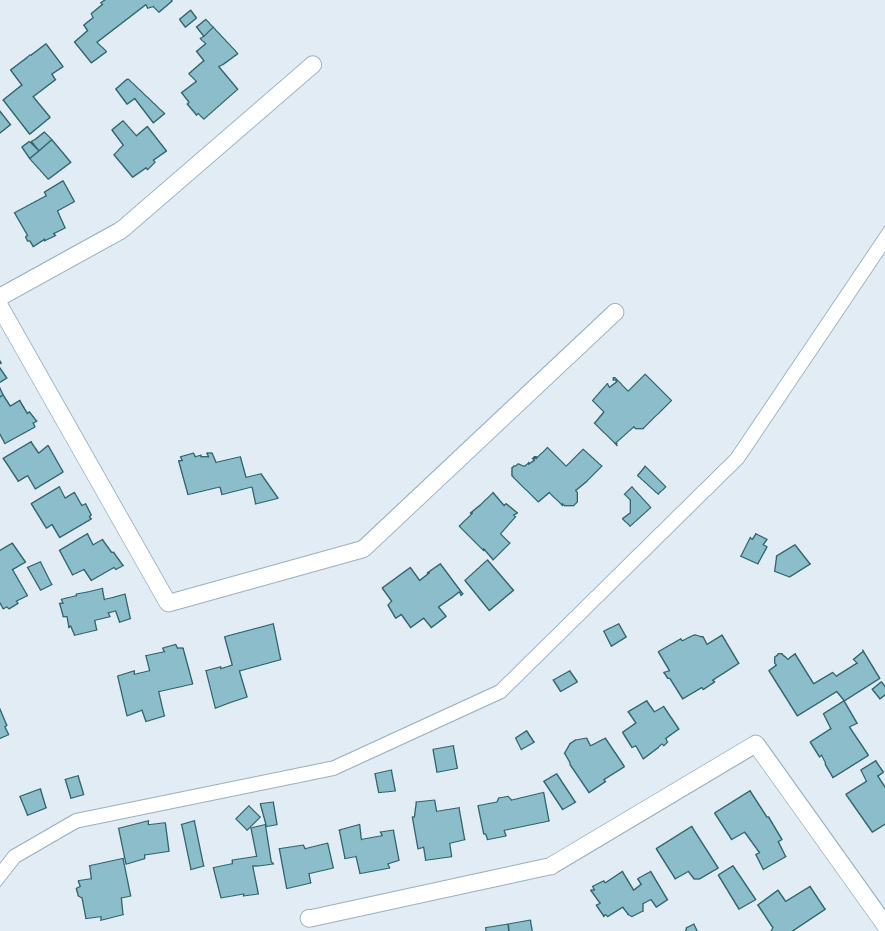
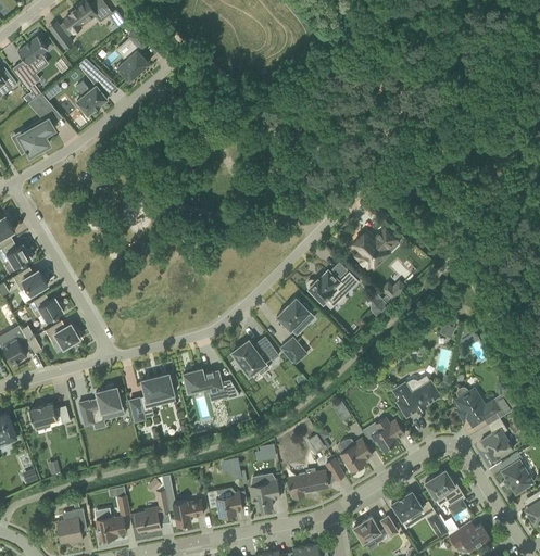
building: [179,453,278,504] -> [183,368,240,397]
building: [59,588,131,635] -> [28,403,70,430]
building: [118,821,169,864] -> [97,516,126,541]

